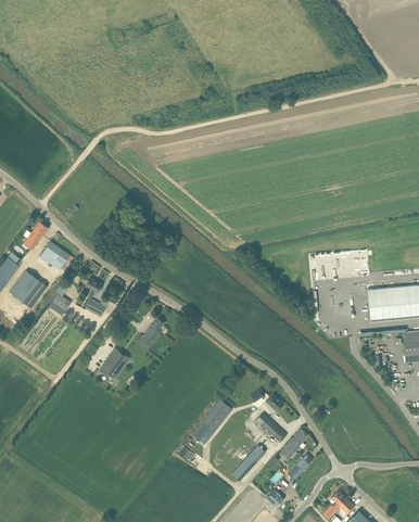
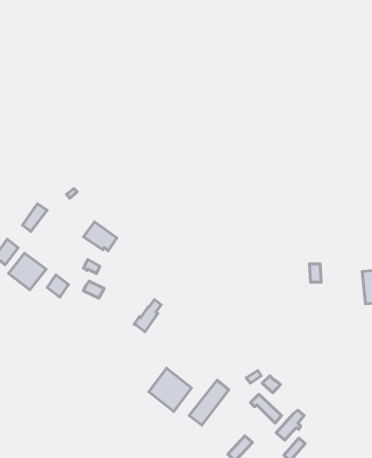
building: [39,241,73,270] -> [84,222,117,251]
building: [98,347,127,378] -> none
building: none -> [149,368,191,411]

